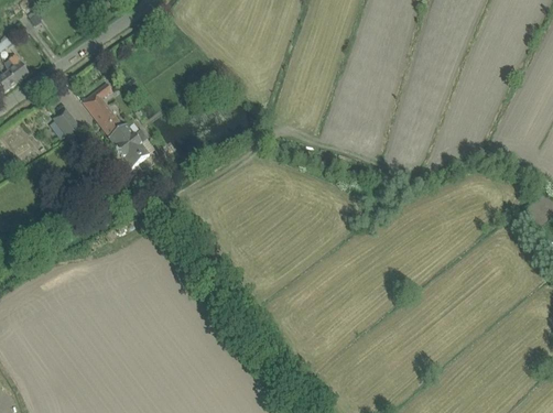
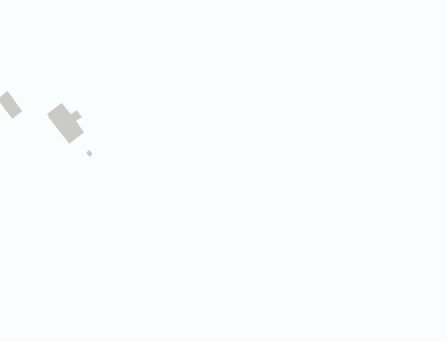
building: [80,81,123,133] -> none

